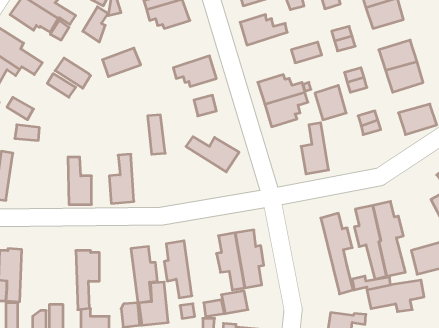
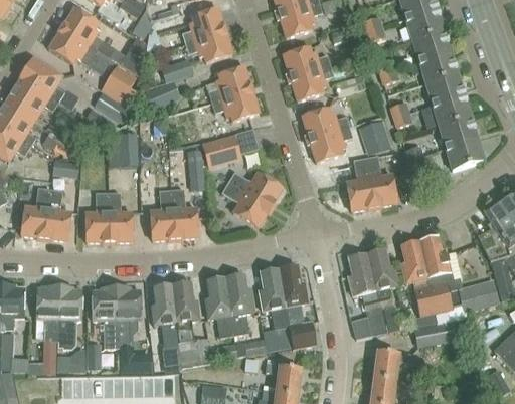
building: none -> [418,52,457,83]
building: none -> [161,57,194,83]
building: none -> [101,64,138,108]
building: none -> [290,65,334,100]
building: none -> [211,67,251,102]
building: none -> [439,117,477,148]
building: none -> [109,132,139,167]
building: none -> [203,135,240,167]
building: none -> [365,156,395,206]
building: none -> [221,182,269,227]
building: none -> [43,189,69,241]
building: none -> [171,189,197,238]
building: none -> [84,193,108,242]
building: none -> [347,255,384,336]
building: none -> [225,276,253,335]
building: none -> [151,286,178,343]
building: none -> [57,287,80,349]
building: none -> [92,288,117,349]
building: none -> [289,323,316,349]

